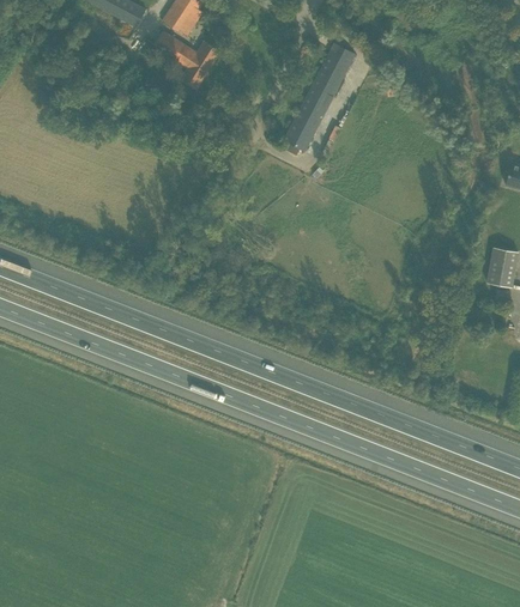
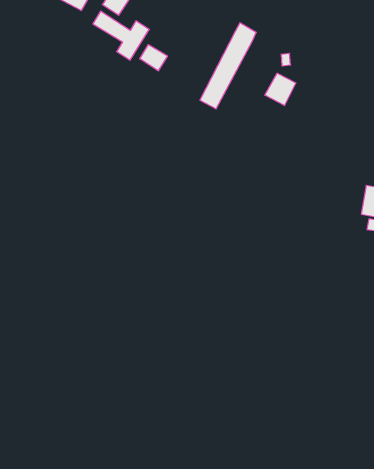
building: none -> [140,45,168,71]
building: none -> [265,73,296,106]

